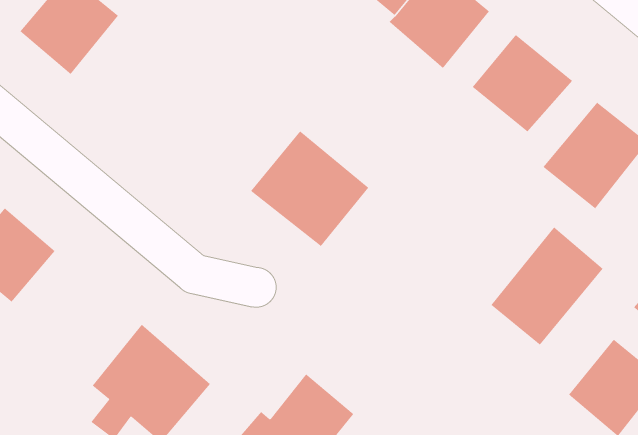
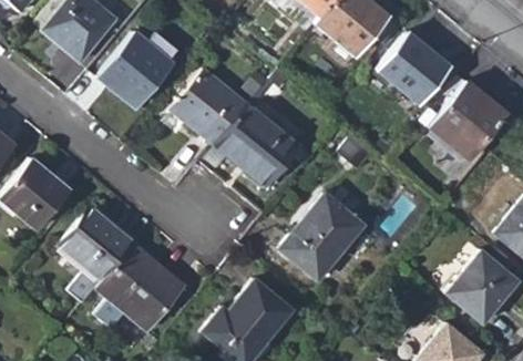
building: none -> [99,33,172,106]
building: none -> [168,68,249,146]
building: [491,226,604,346] -> [278,193,361,280]
building: none -> [62,208,133,301]

